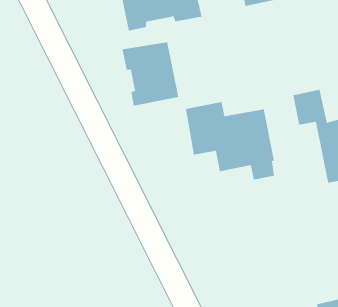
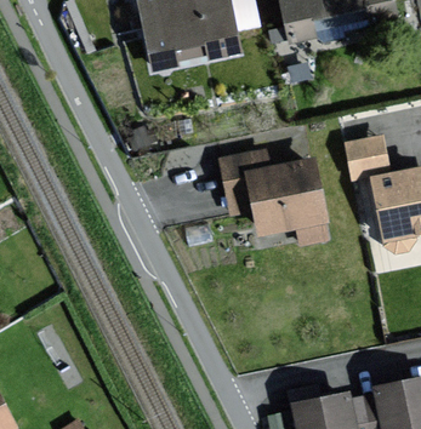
building: [122,42,179,106] -> none

